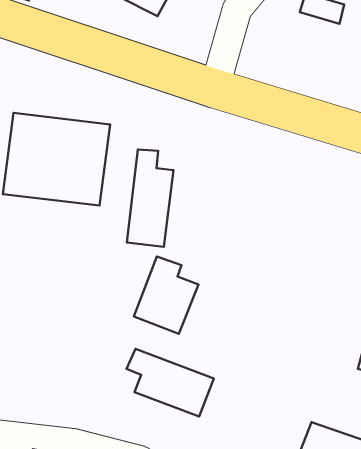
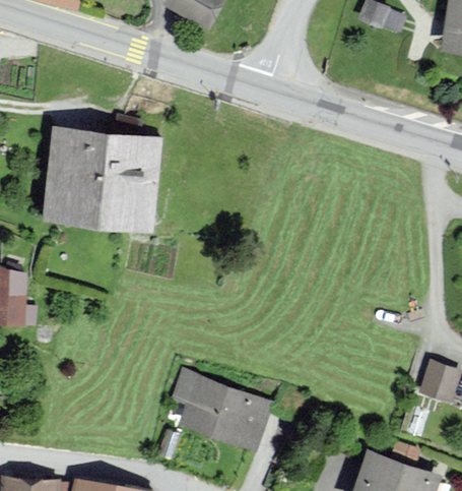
building: [127,149,174,247] -> none
building: [134,257,198,334] -> none

